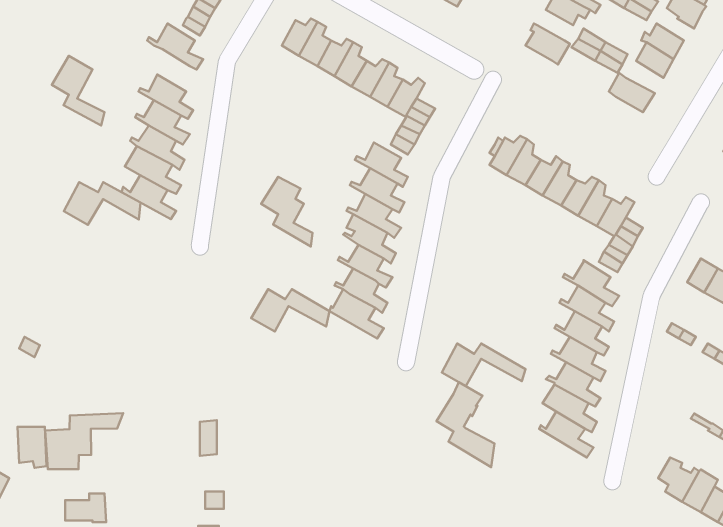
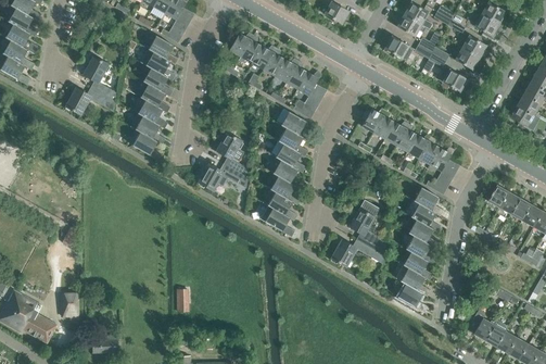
building: none -> [140,49,176,80]
building: [64,182,141,225] -> [65,87,114,114]
building: [251,289,329,332] -> [198,163,247,190]
building: [437,382,494,467] -> [348,201,385,255]
building: [45,413,123,469] -> none

